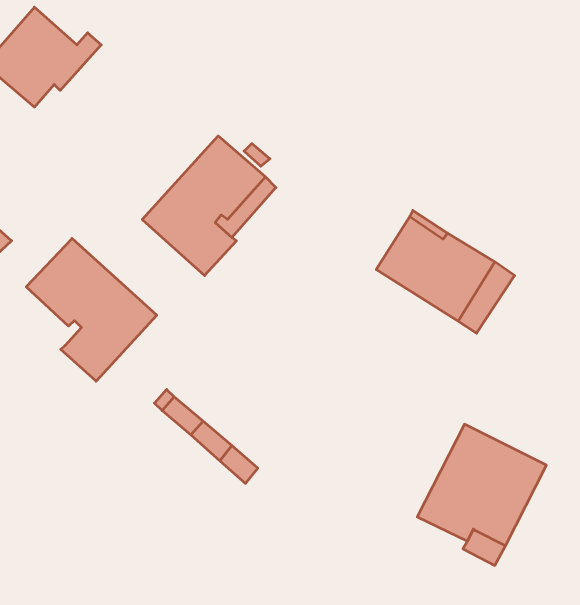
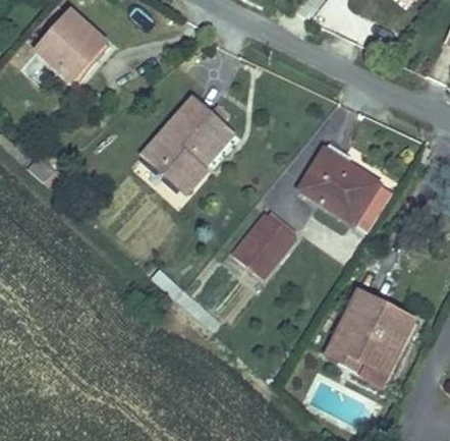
building: [26,238,157,381] -> none
building: none -> [232,212,295,277]

